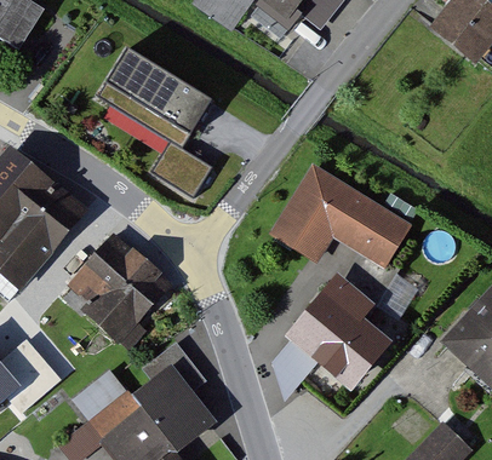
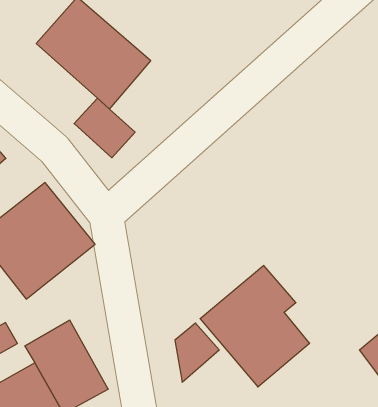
building: [269,162,412,270] -> none

